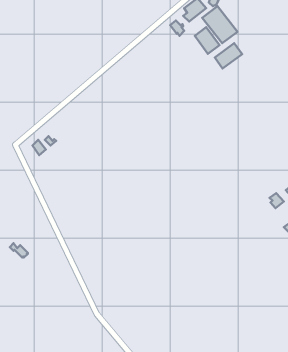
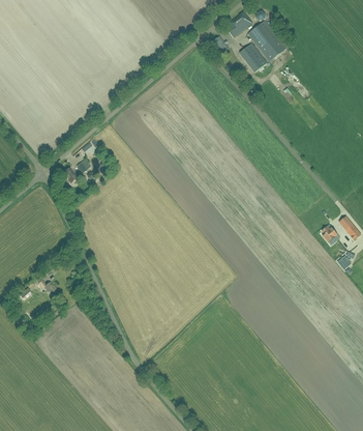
building: [215,43,242,68] -> none

